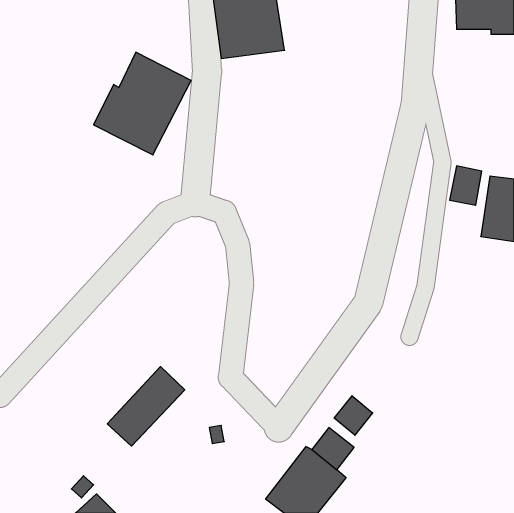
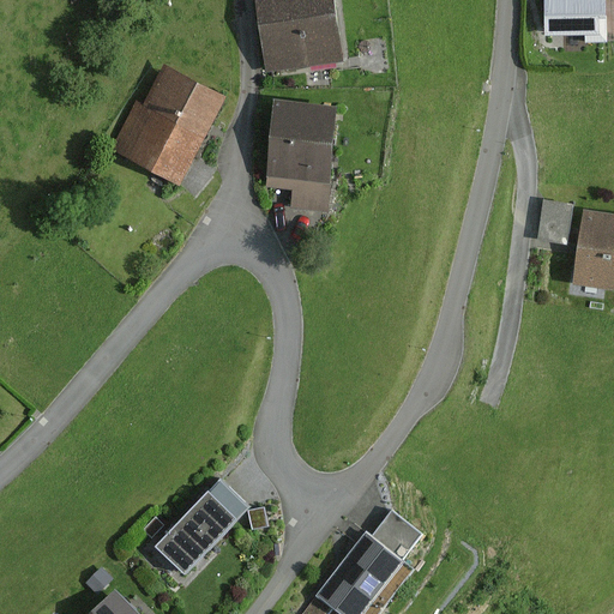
building: none -> [266,101,337,212]
building: [107,367,185,446] -> [156,478,248,573]
building: [334,396,373,435] -> none

